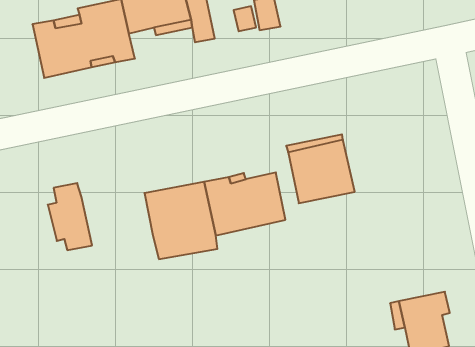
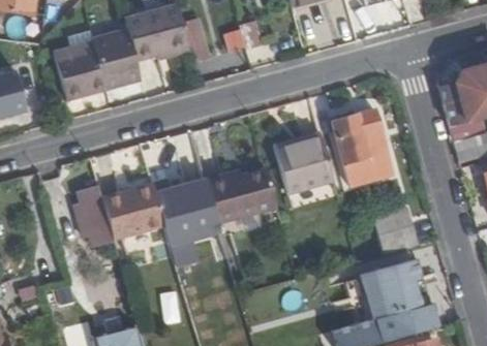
building: none -> [330,108,392,186]
building: none -> [103,184,165,240]
building: none -> [375,209,414,250]

